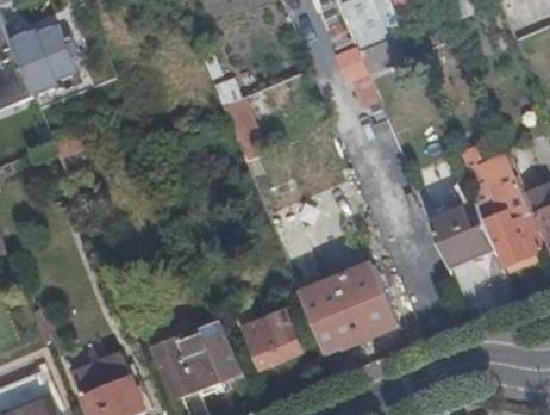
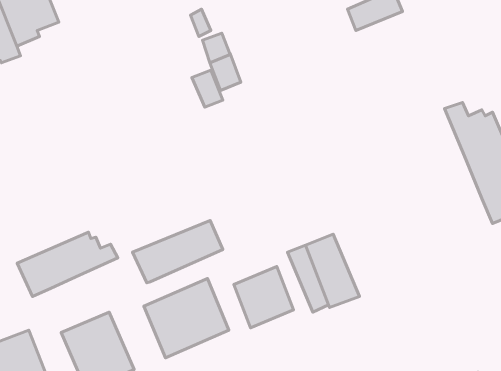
building: [427,203,490,266] -> none
building: none -> [132,220,223,283]
building: [343,265,396,339] -> none
building: none -> [17,232,118,296]

